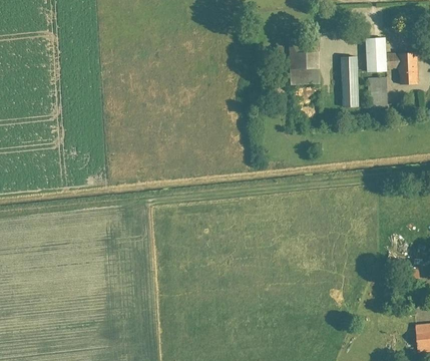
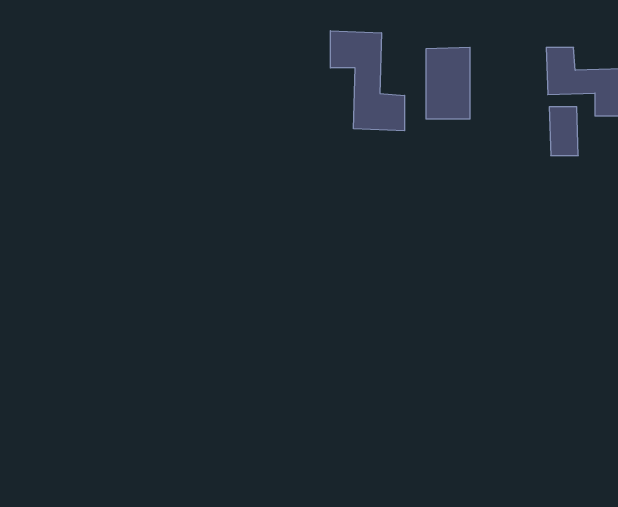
building: none -> [330,31,405,131]
building: [341,56,358,107] -> none

